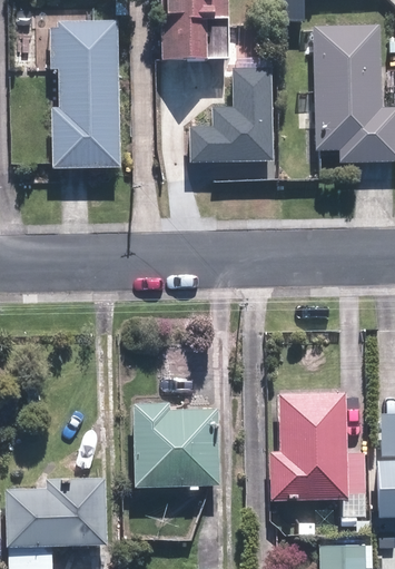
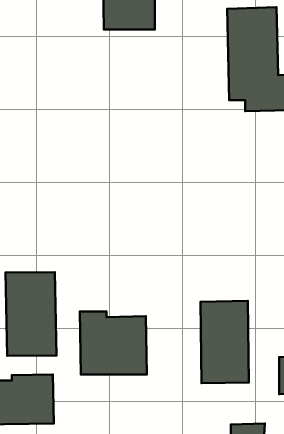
building: [63,26,117,167] -> none
building: [182,61,273,159] -> none
building: none -> [6,272,57,356]

